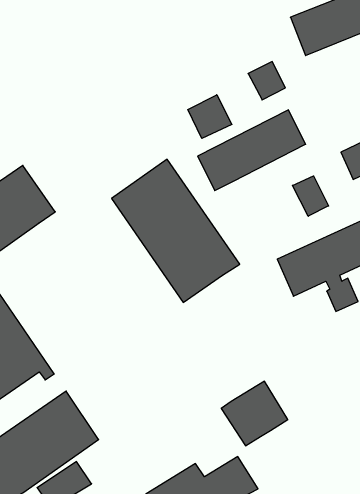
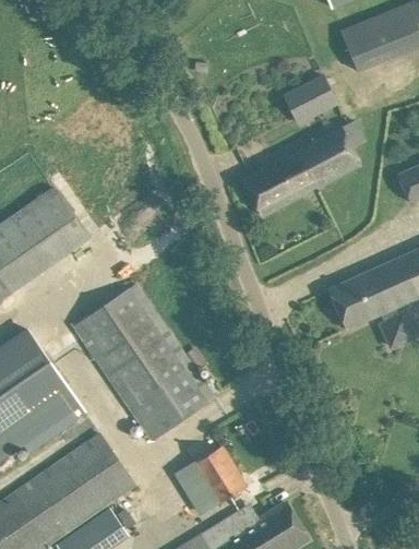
building: [188,95,232,138] -> none
building: [112,159,240,302] -> [75,285,214,440]
building: [292,176,329,216] -> none
building: [221,381,288,446] -> [175,446,247,516]

